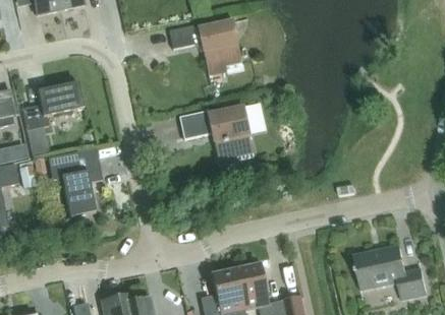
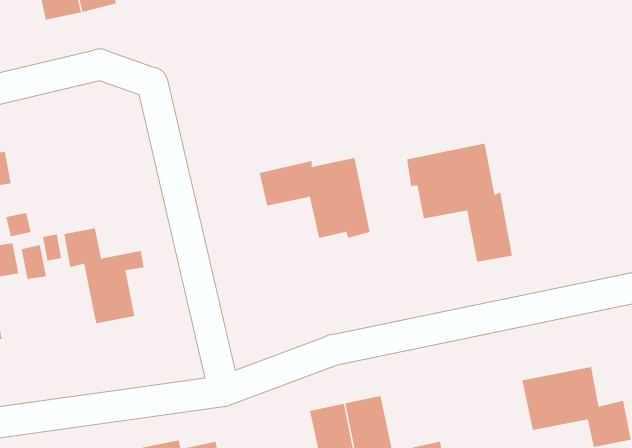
building: [168,20,241,69] -> none
building: [21,81,84,153] -> none
building: none -> [406,143,512,262]

